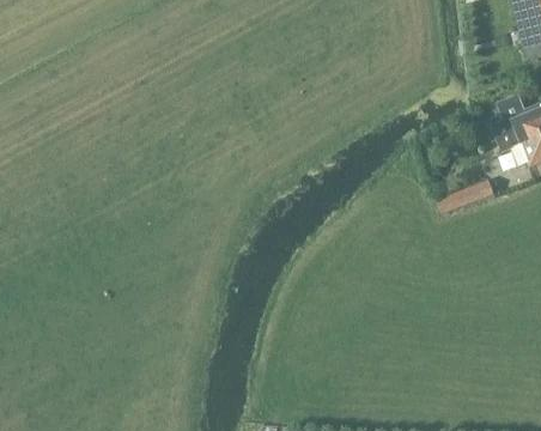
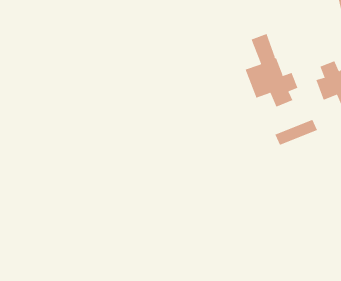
building: none -> [245,33,298,108]

